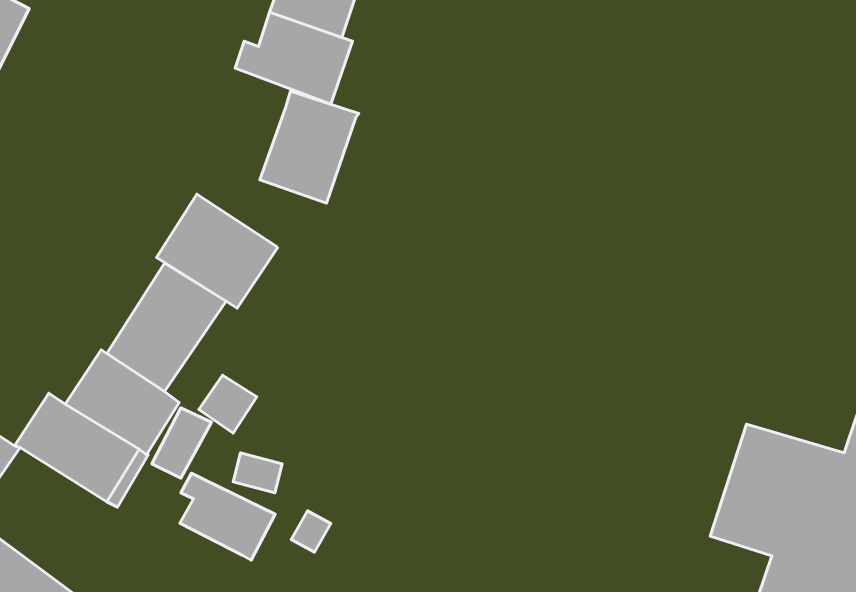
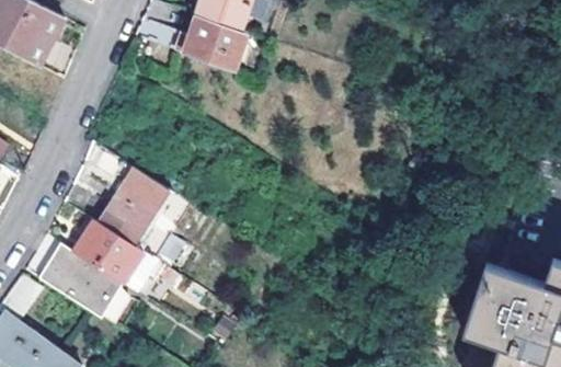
building: [260,91,359,203] -> none
building: [157,194,278,308] -> none
building: [180,473,275,560] -> none

